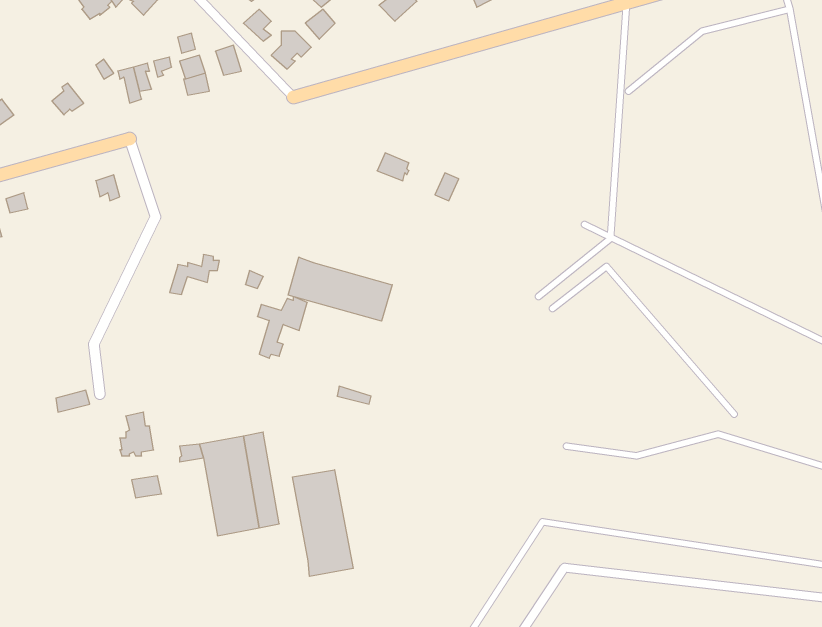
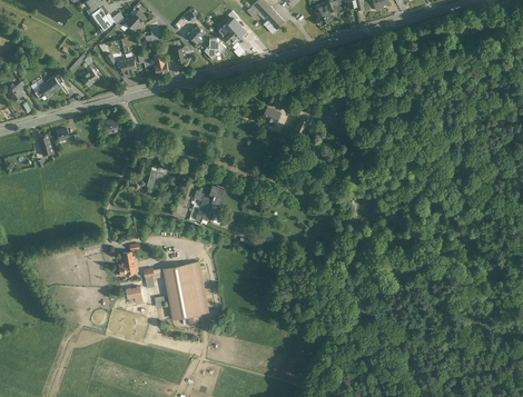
building: [288,257,392,321] -> none
building: [293,470,353,576] -> none

